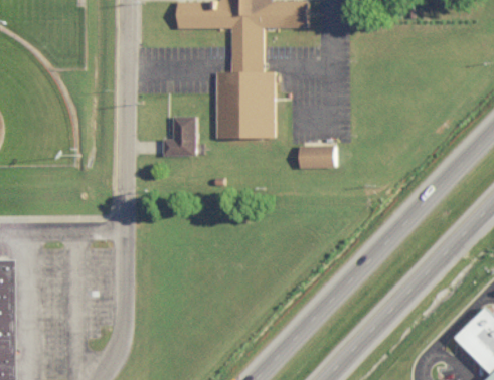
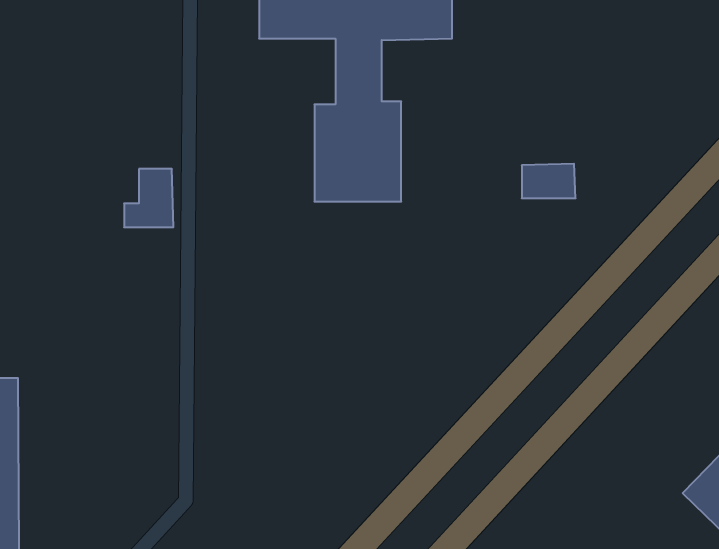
building: [158,115,191,154] -> [124,169,173,227]
building: [295,144,331,167] -> [522,164,576,198]

